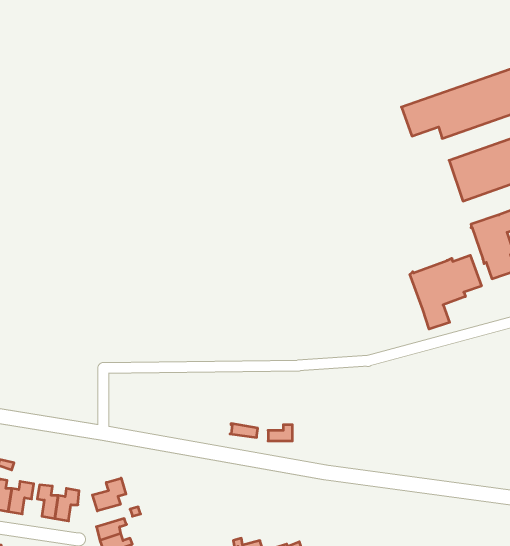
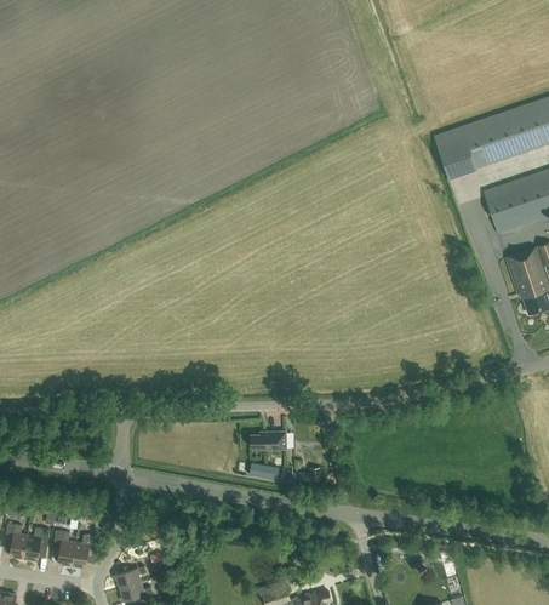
building: [410,255,481,329] -> none
building: none -> [251,433,286,451]
building: [92,478,126,511] -> none

